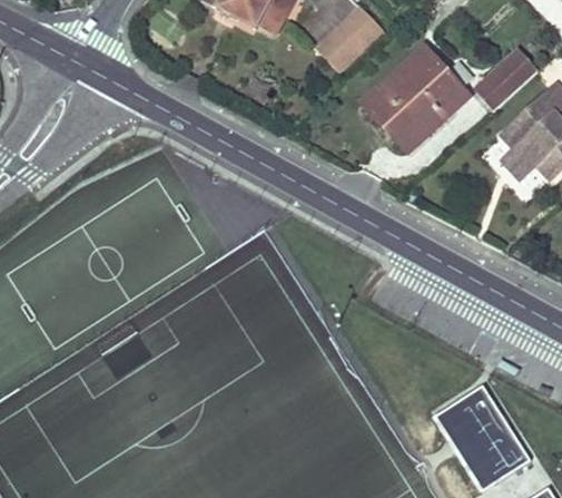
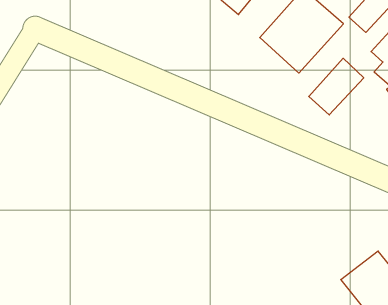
building: none -> [309,58,364,115]

